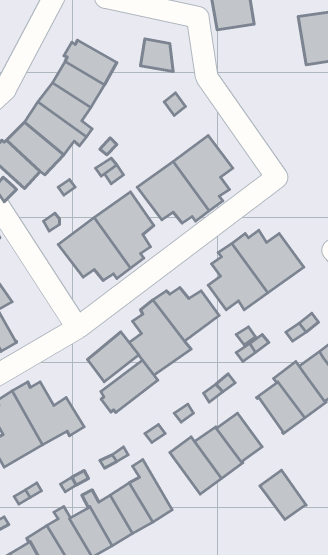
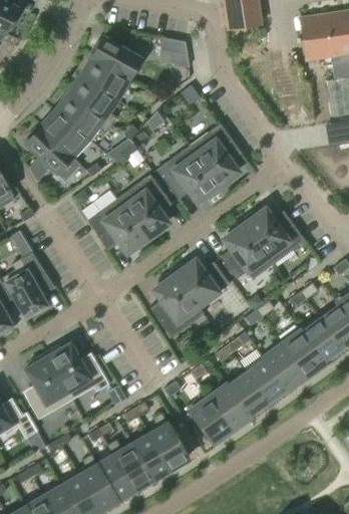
building: [87,332,139,382] -> none
building: [101,360,158,413] -> none
building: [260,470,306,520] -> [246,357,287,402]

